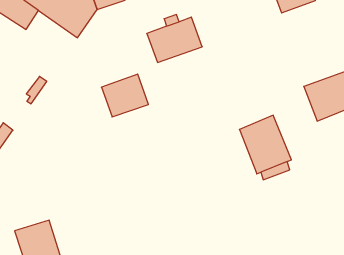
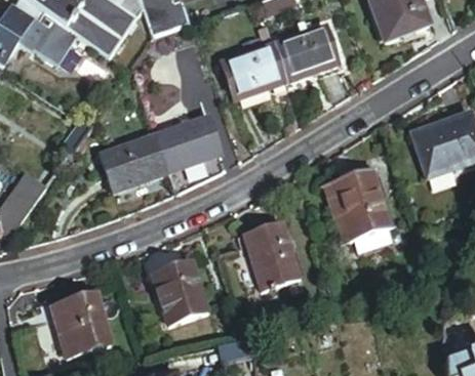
building: none -> [271,28,331,81]
building: none -> [98,131,172,190]
building: none -> [244,224,299,289]
building: none -> [150,265,205,327]

